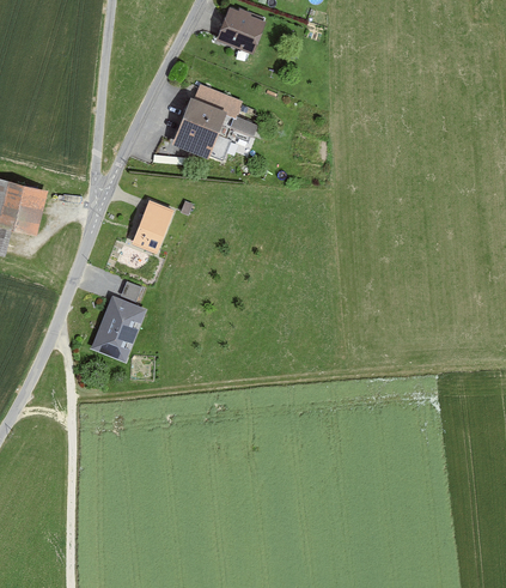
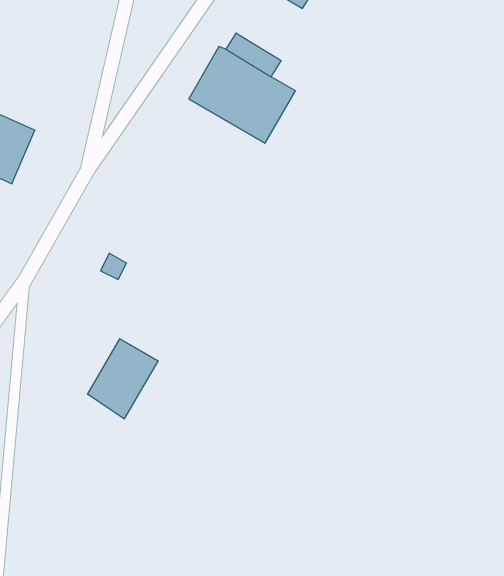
building: [132,199,173,253] -> none
building: [92,296,146,360] -> [87,339,158,419]

